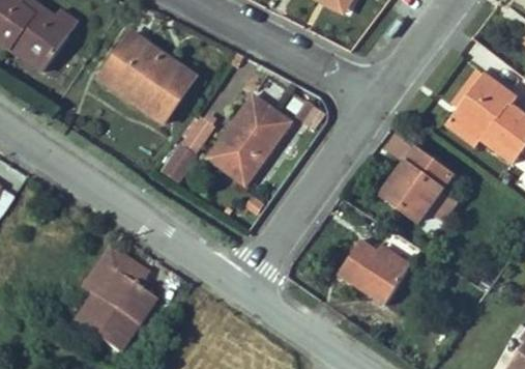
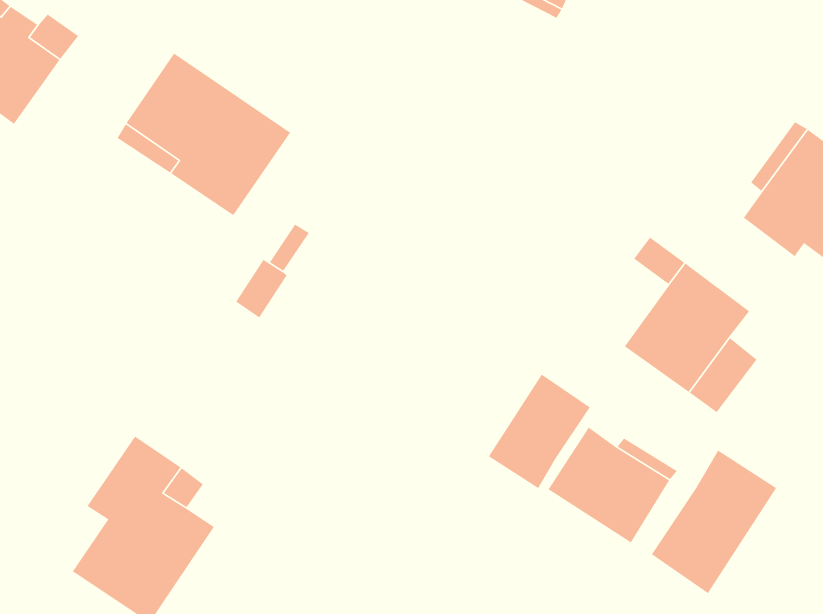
building: [207,94,291,184] -> none
building: none -> [488,373,591,489]
building: none -> [651,449,777,594]

